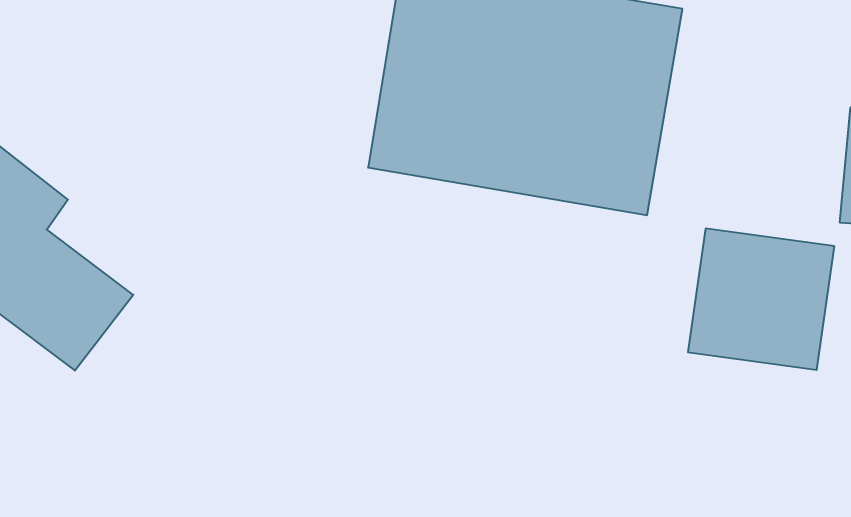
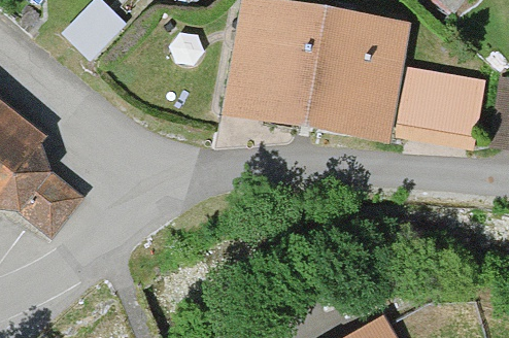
building: [688,229,834,370] -> [400,69,485,151]

